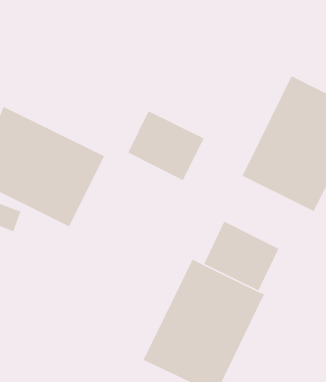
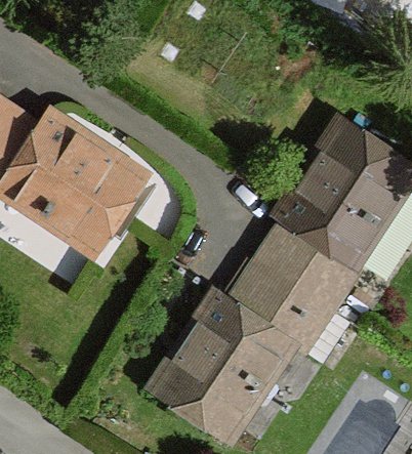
building: [127,110,205,181] -> [259,218,340,295]

